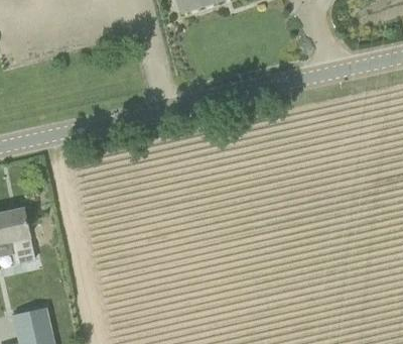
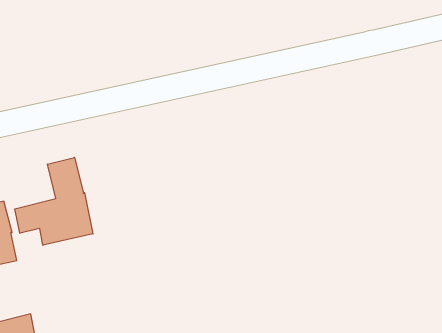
building: none -> [15,157,93,245]

